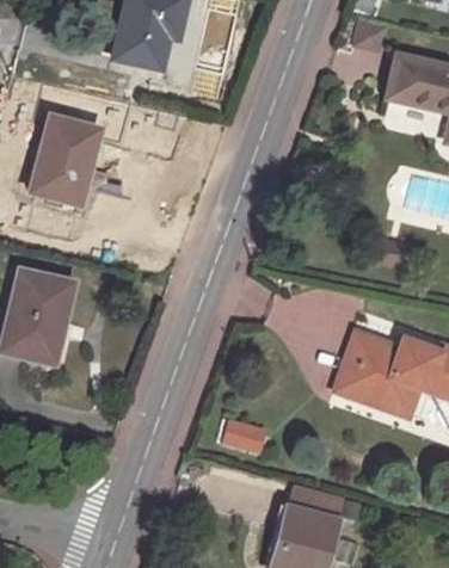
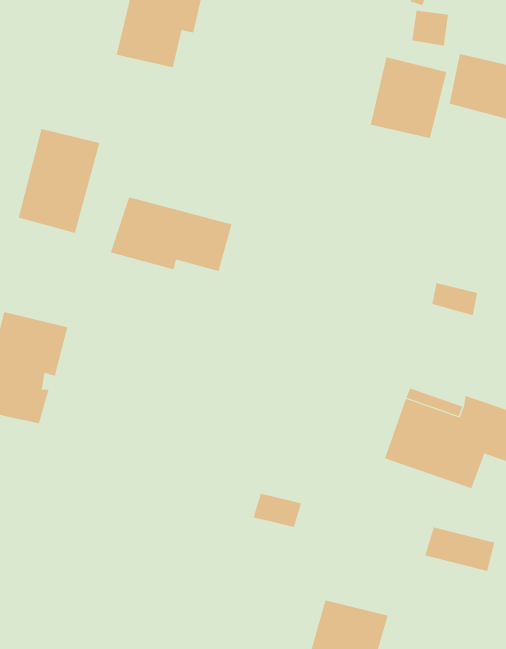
building: none -> [370,56,447,139]
building: none -> [110,197,232,272]
building: [285,484,344,521] -> [424,527,495,571]

